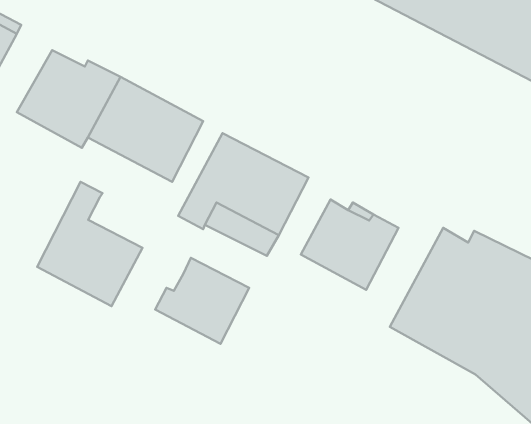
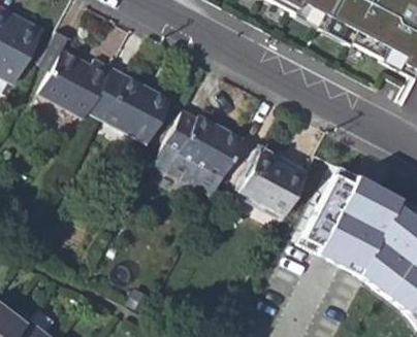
building: [37,182,142,306] -> none
building: [155,258,249,344] -> none

